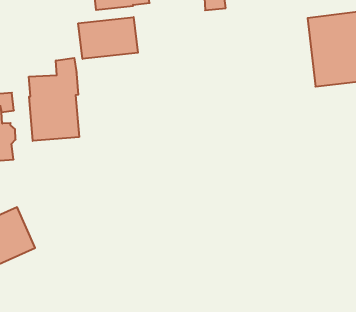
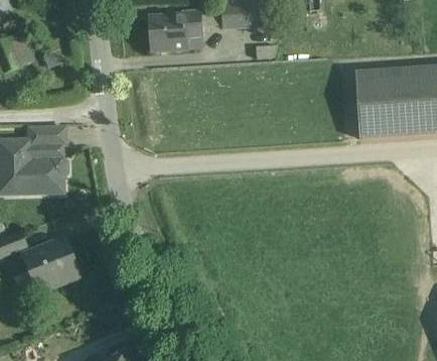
building: [78,17,138,59] -> none
building: [29,58,79,141] -> none

